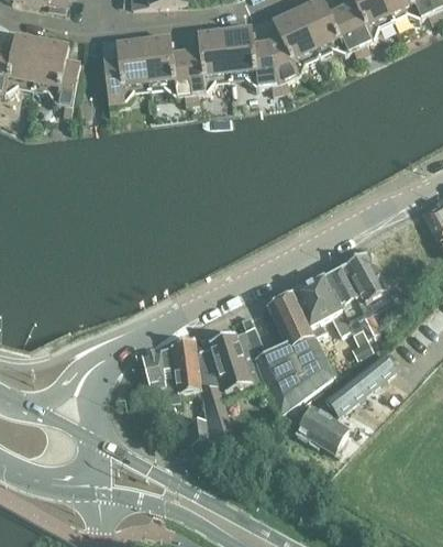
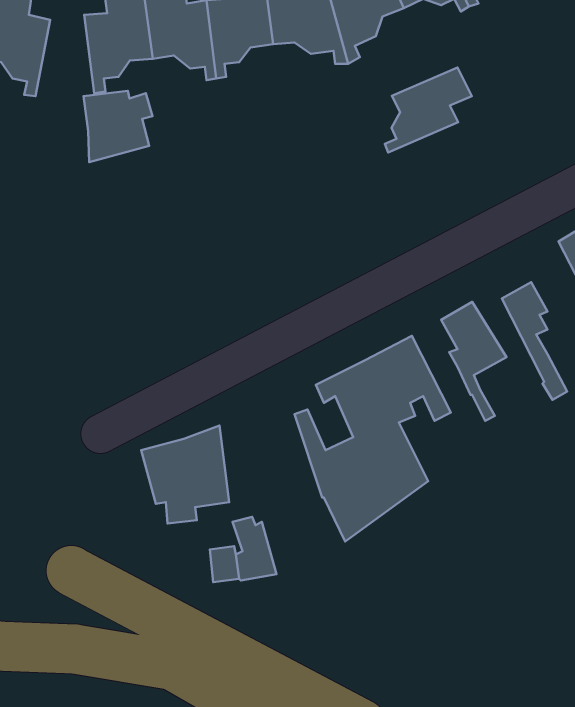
building: none -> [385,68,472,153]
building: none -> [84,91,152,162]
building: [324,263,368,342] -> [502,282,567,400]
building: [199,327,264,394] -> none
building: [295,349,396,450] -> none

